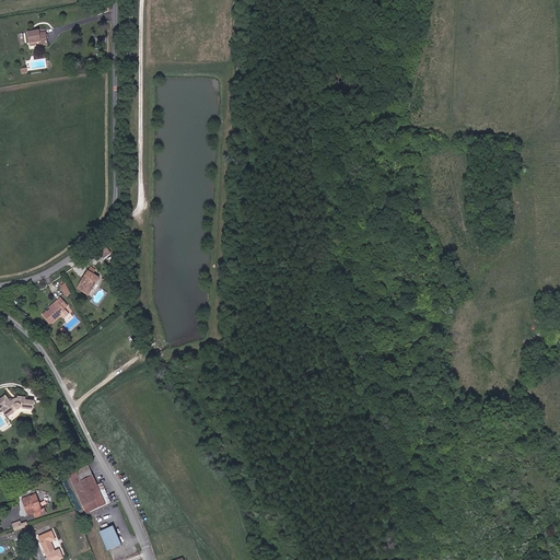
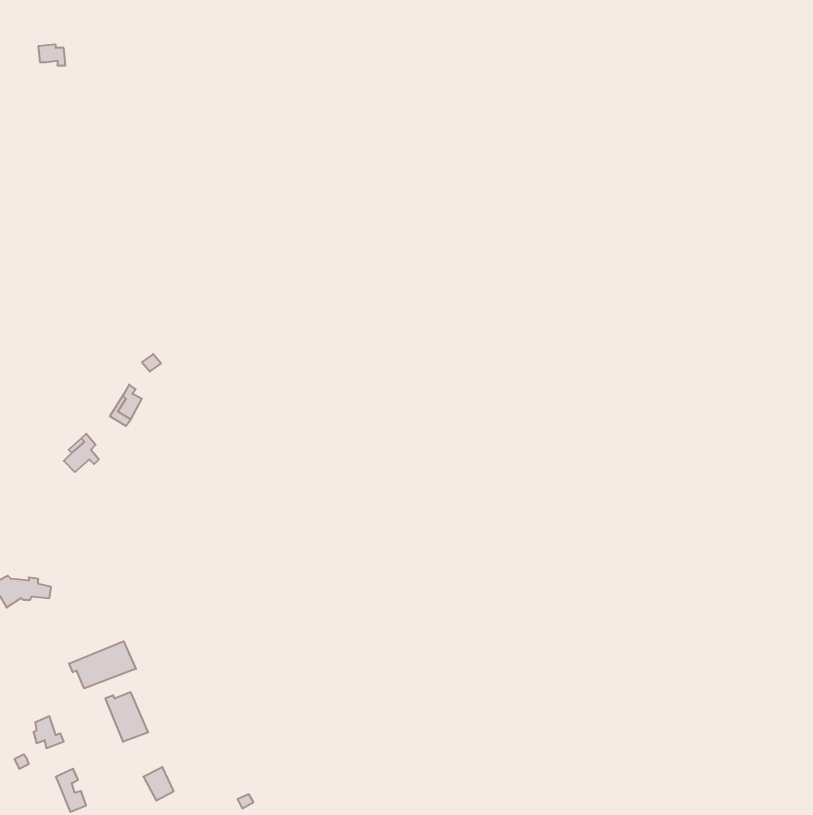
building: none -> [69,641,136,688]

